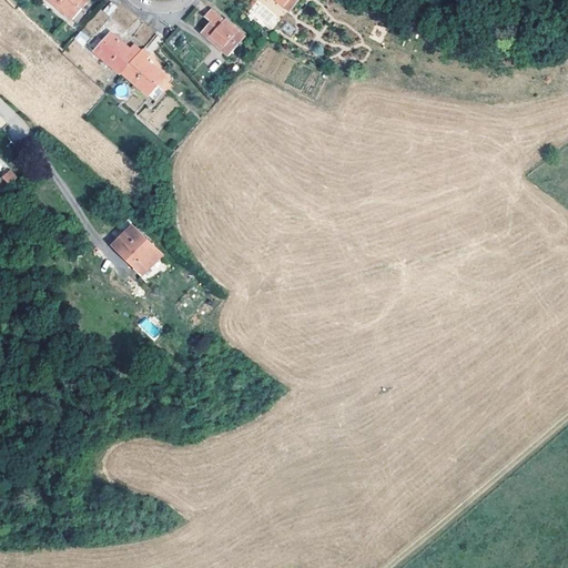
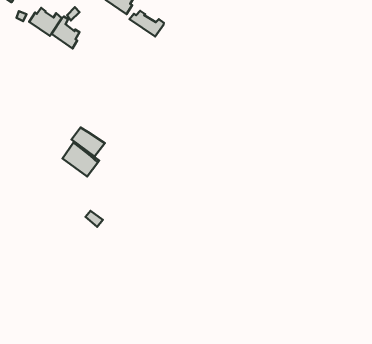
building: none -> [130,11,164,36]
building: none -> [72,127,105,156]

